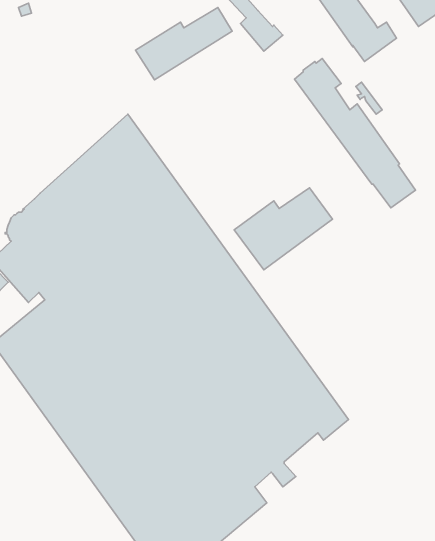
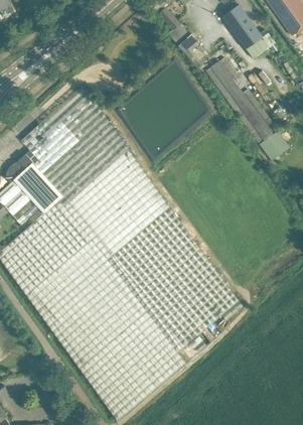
building: [135,8,232,80] -> none
building: [234,188,332,270] -> none

